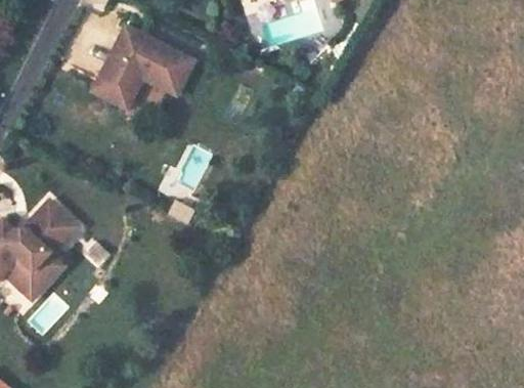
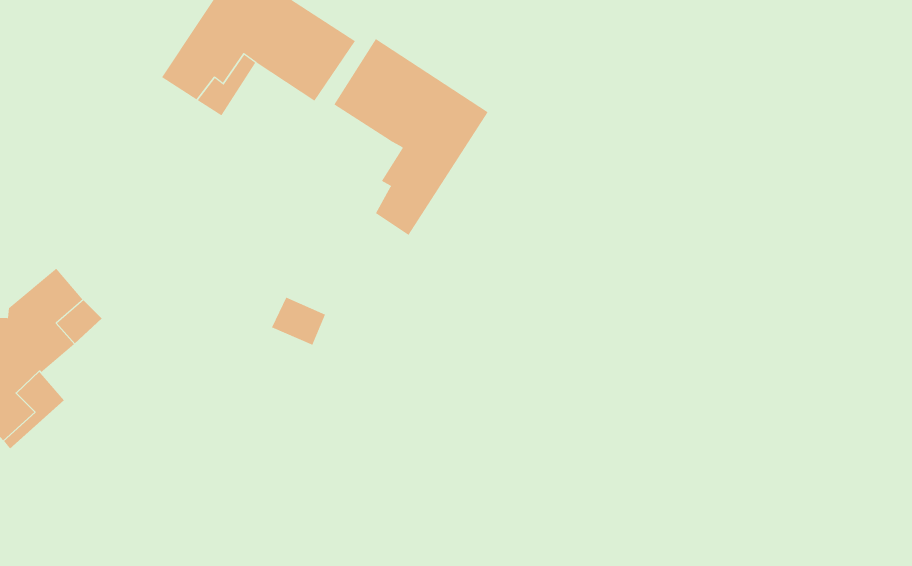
building: none -> [334,38,489,236]

